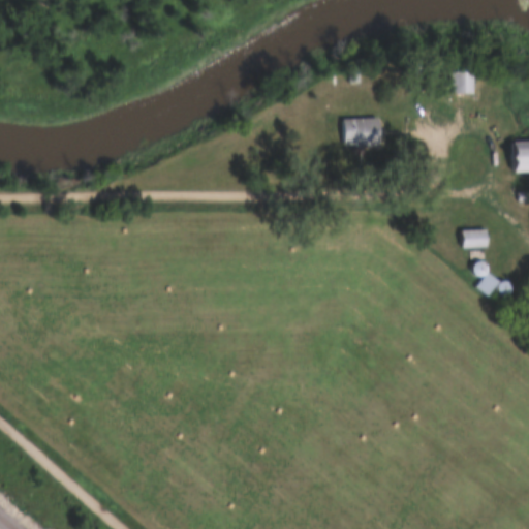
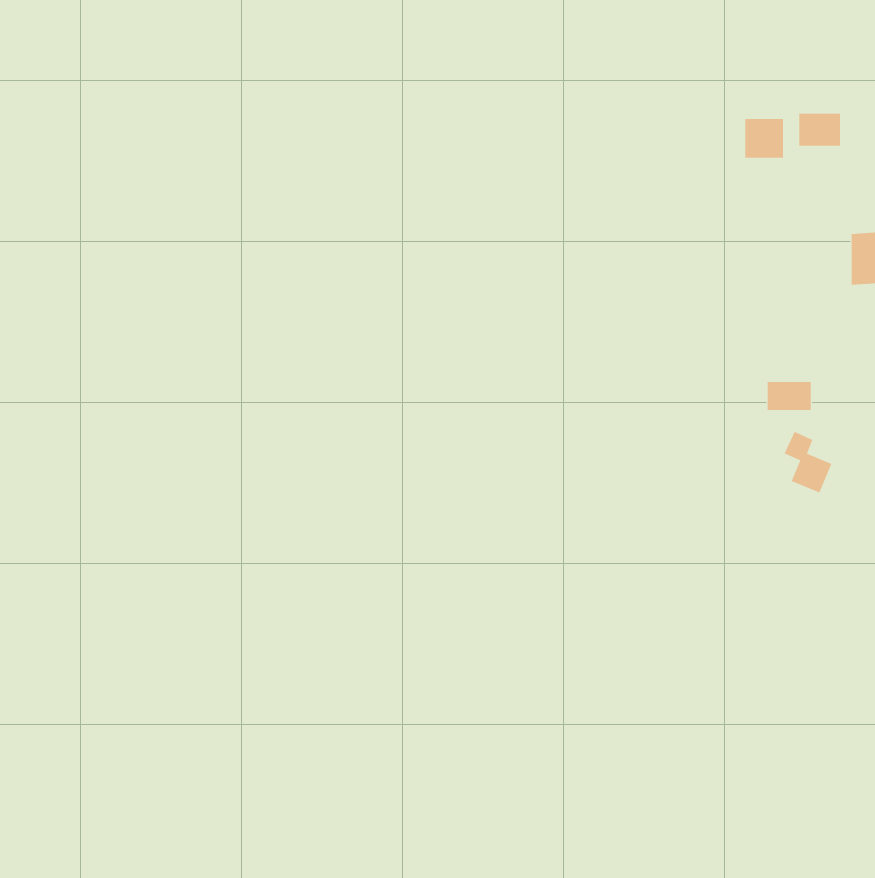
building: none -> [799,113,840,146]
building: [340,120,382,146] -> none

